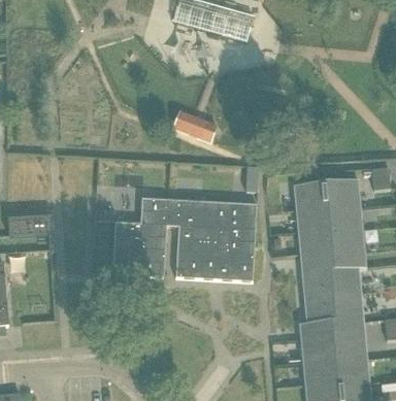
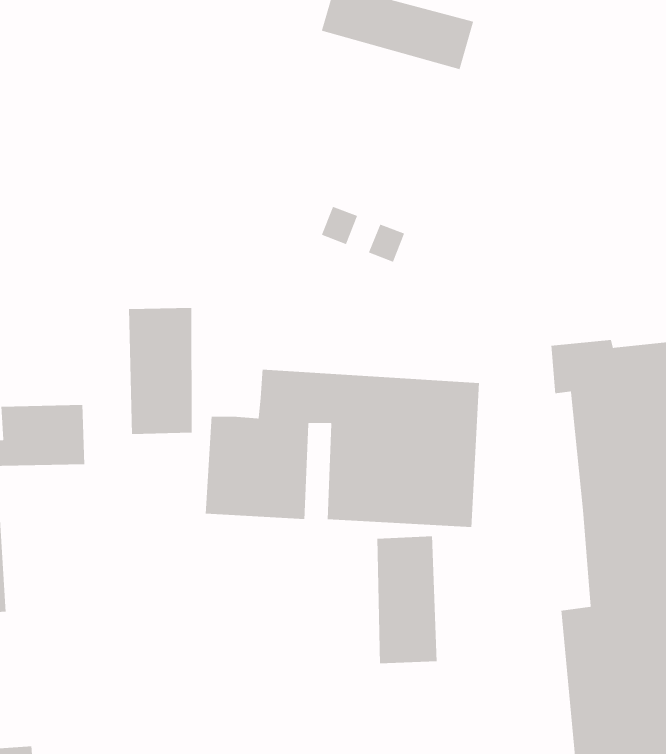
building: none -> [128,307,192,435]
building: none -> [376,536,438,664]

